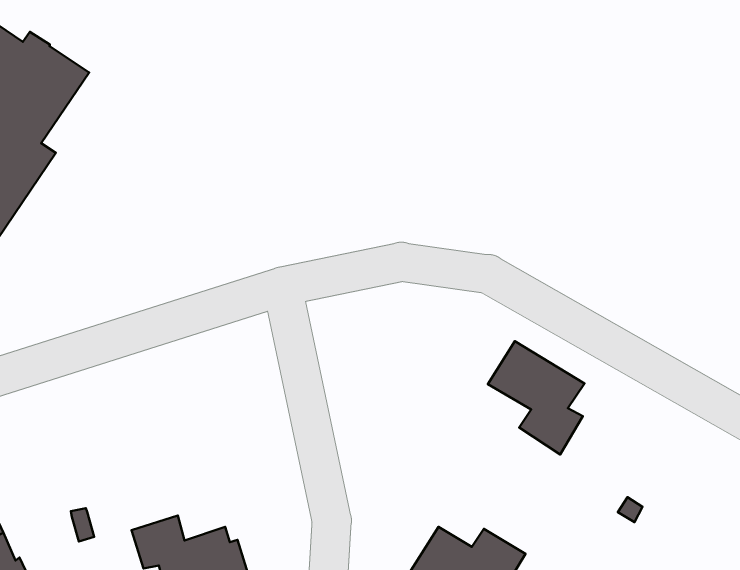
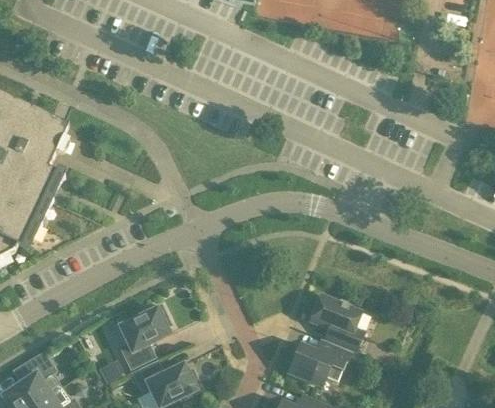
building: [488,341,585,454] -> [309,295,364,353]
building: none -> [119,304,170,368]

